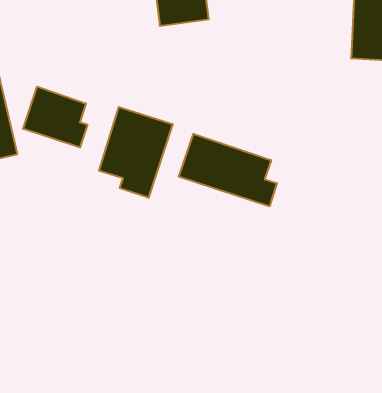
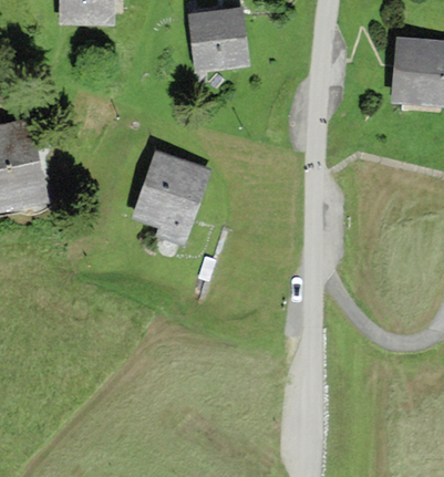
building: [23,87,87,148] -> none
building: [179,134,277,206] -> none

